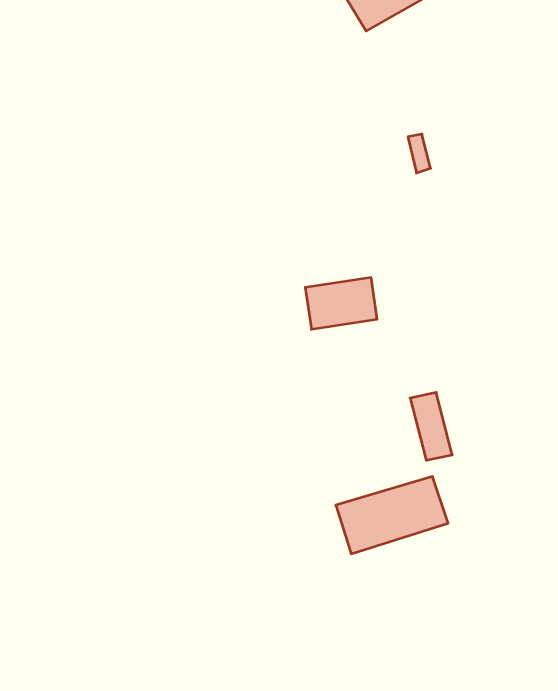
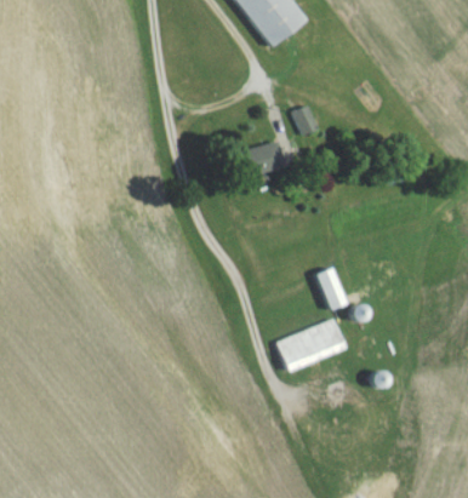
building: [305,278,377,329] -> [238,143,284,178]

